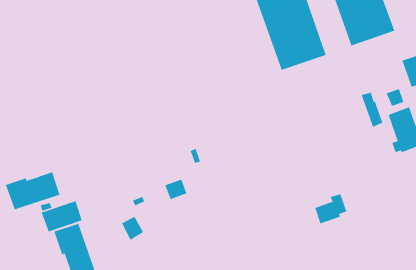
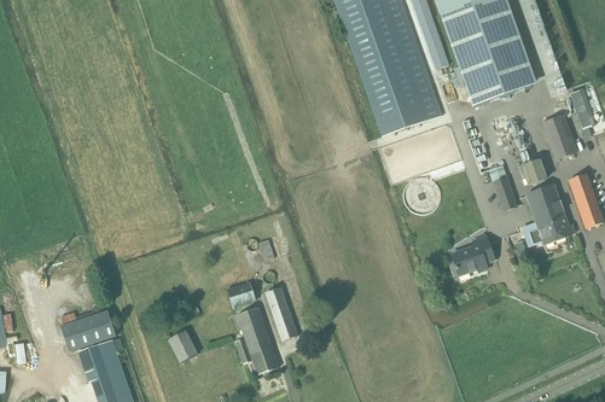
building: [5,172,60,210] -> none
building: none -> [264,285,297,339]
building: [315,193,347,224] -> [450,233,494,274]
building: none -> [235,308,278,373]

